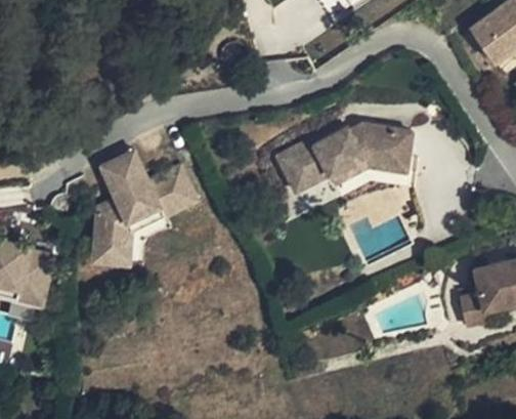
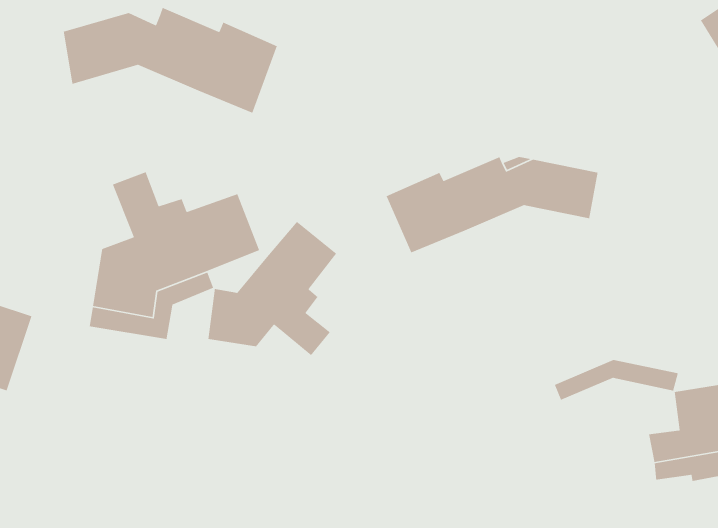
building: none -> [63,7,278,114]
building: [330,157,410,186] -> [554,359,679,401]
building: none -> [207,221,337,356]

